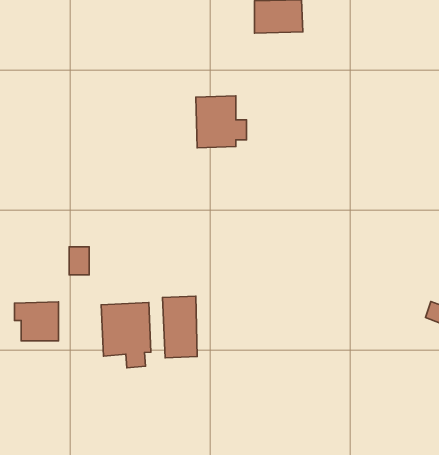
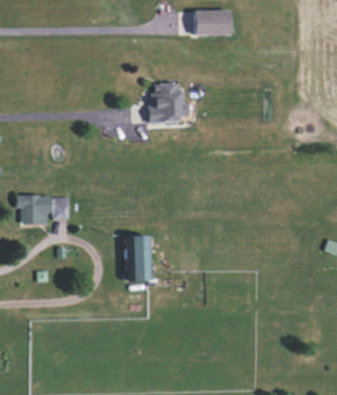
building: [14,302,58,341] -> [16,194,50,224]
building: [101,303,151,368] -> none

